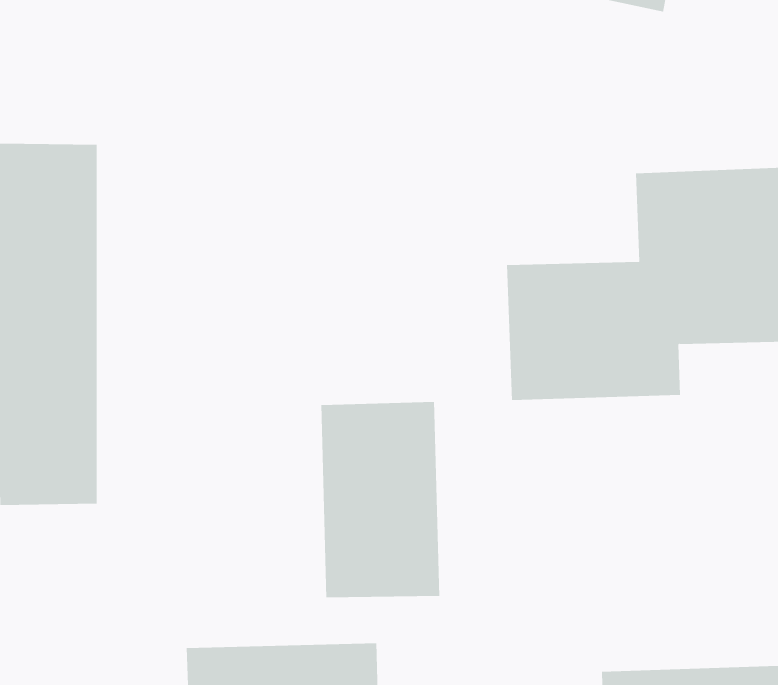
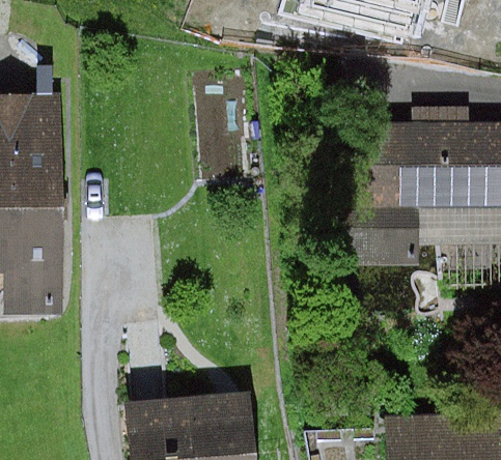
building: [321,401,440,598] -> none

